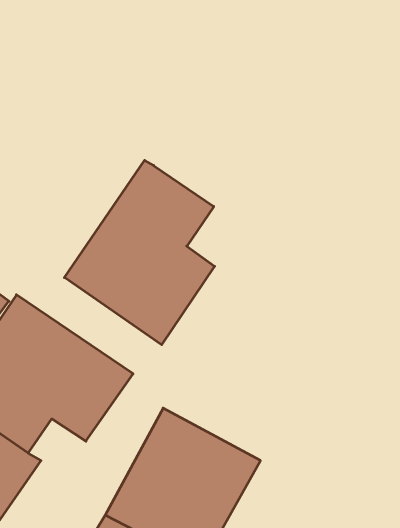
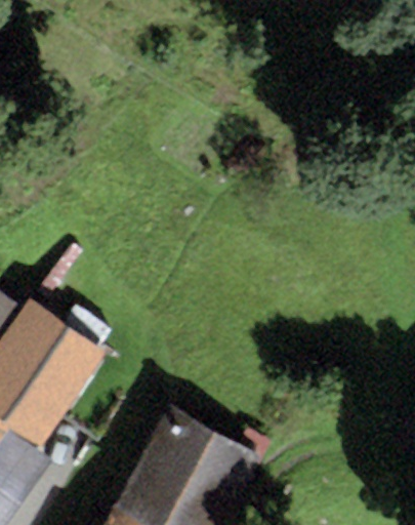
building: [64,160,215,345] -> none

